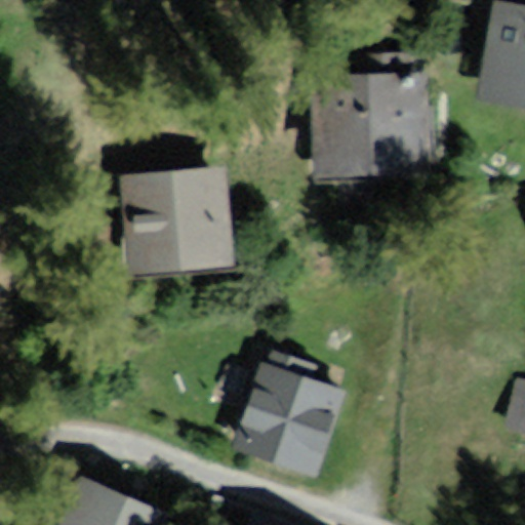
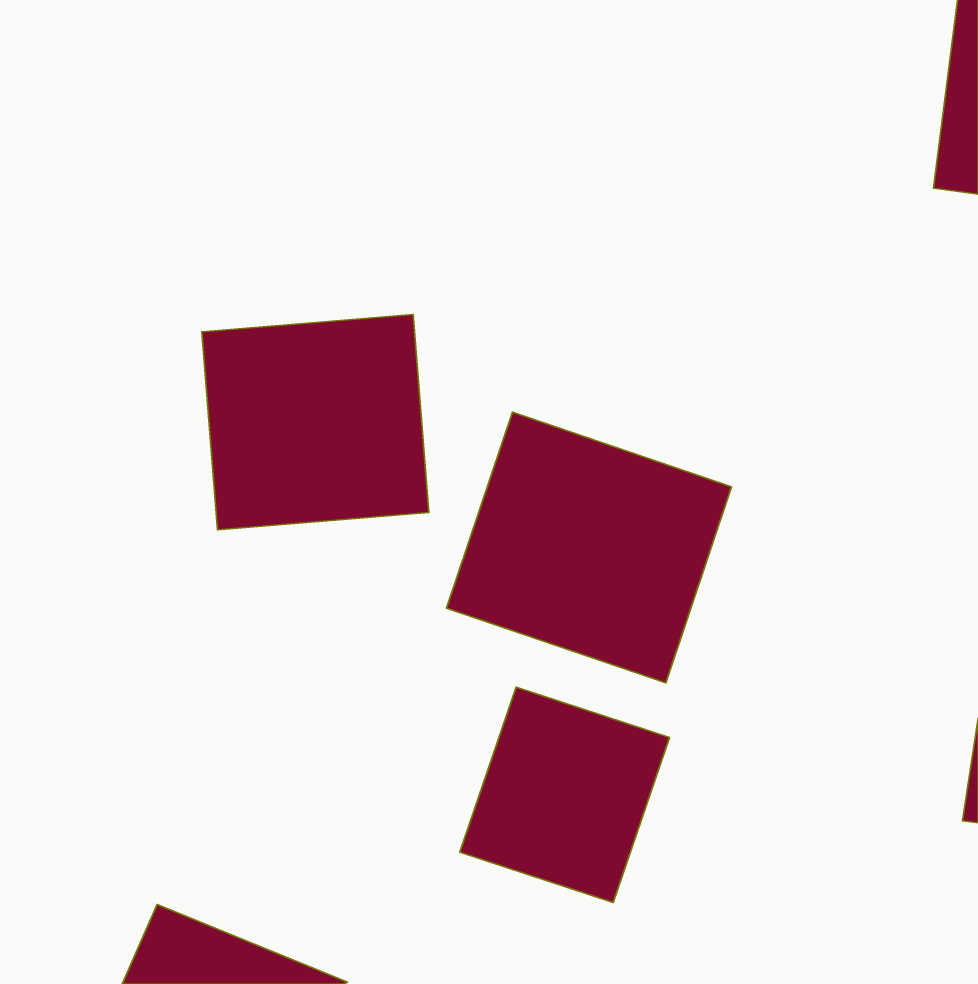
building: [327,78,425,176] -> none
building: none -> [447,412,732,683]

